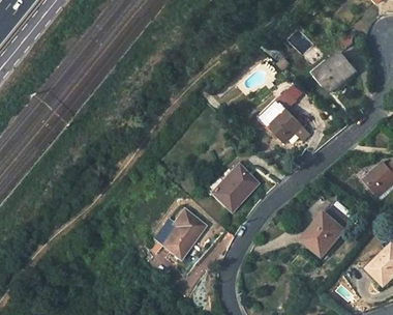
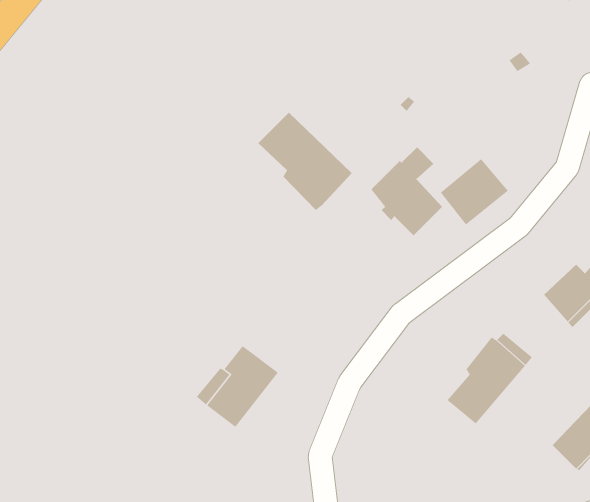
building: [314,52,356,92] -> [440,158,509,225]
building: none -> [258,112,352,211]
building: [205,165,256,211] -> none

